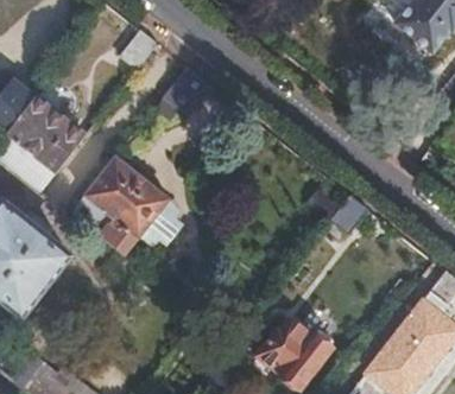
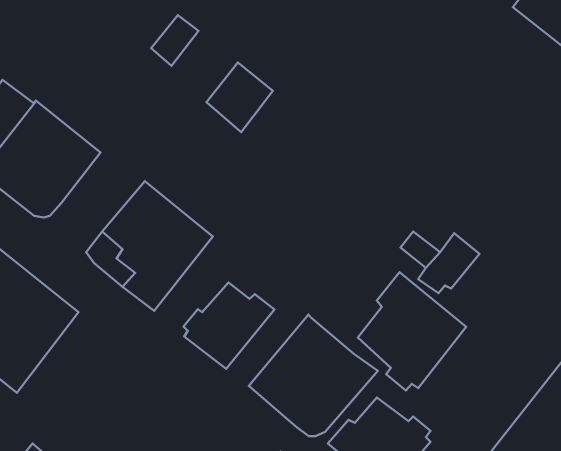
building: none -> [358,272,466,391]
building: none -> [183,283,274,369]
building: none -> [249,314,378,436]

